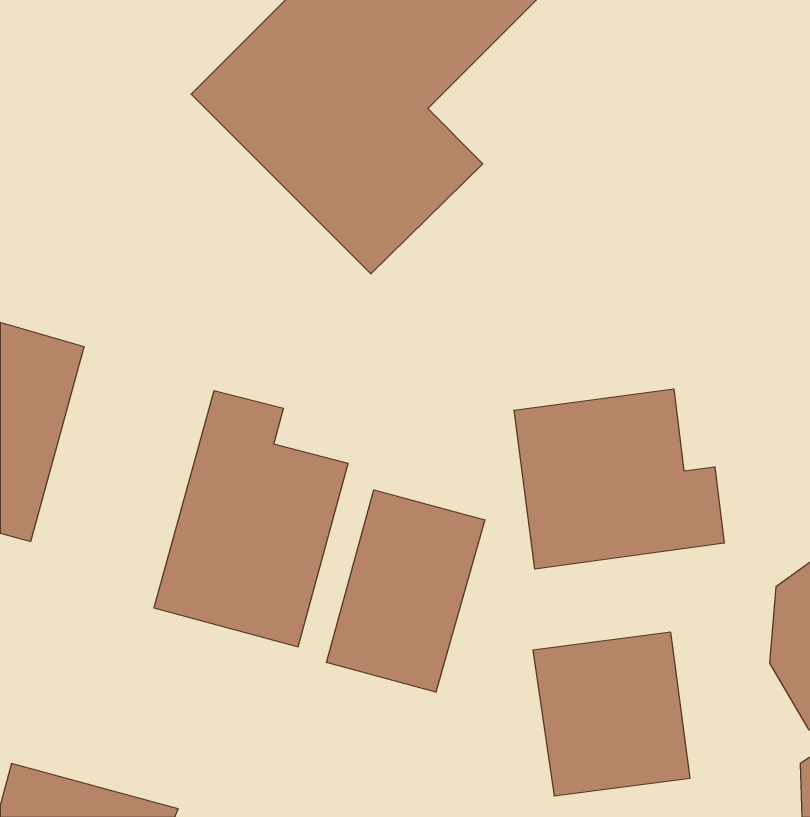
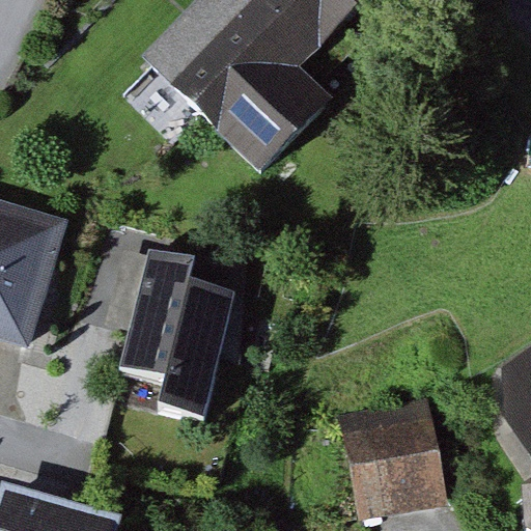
building: [514,389,724,569] -> none
building: [326,490,485,692] -> none

